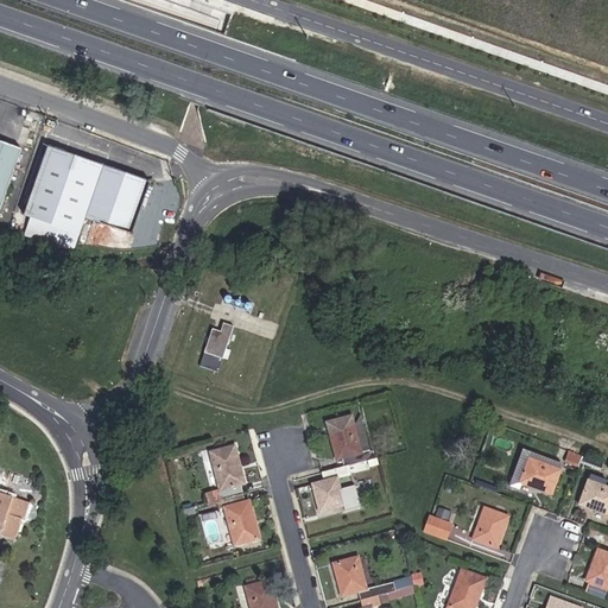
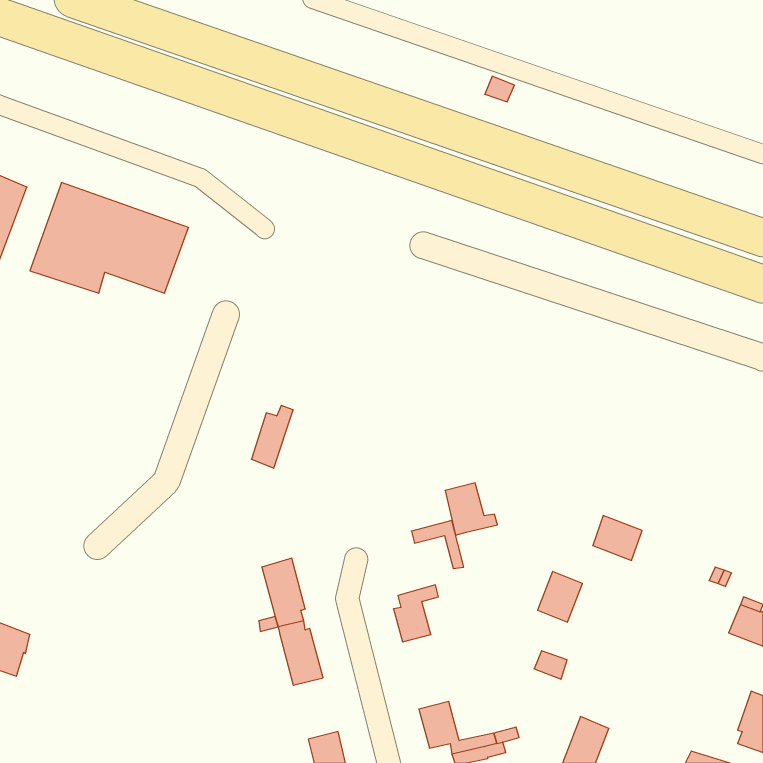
building: [329,425,370,467] -> [445,483,497,535]
building: [520,457,559,493] -> [593,516,642,560]
building: [471,507,507,547] -> [538,571,582,622]

